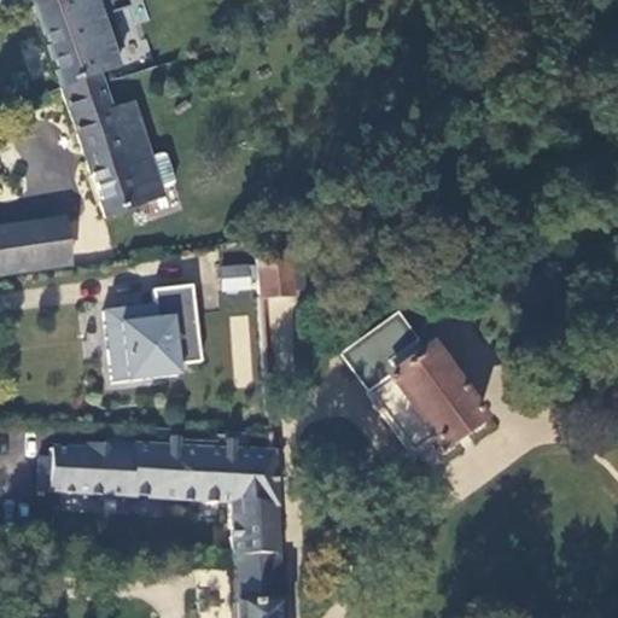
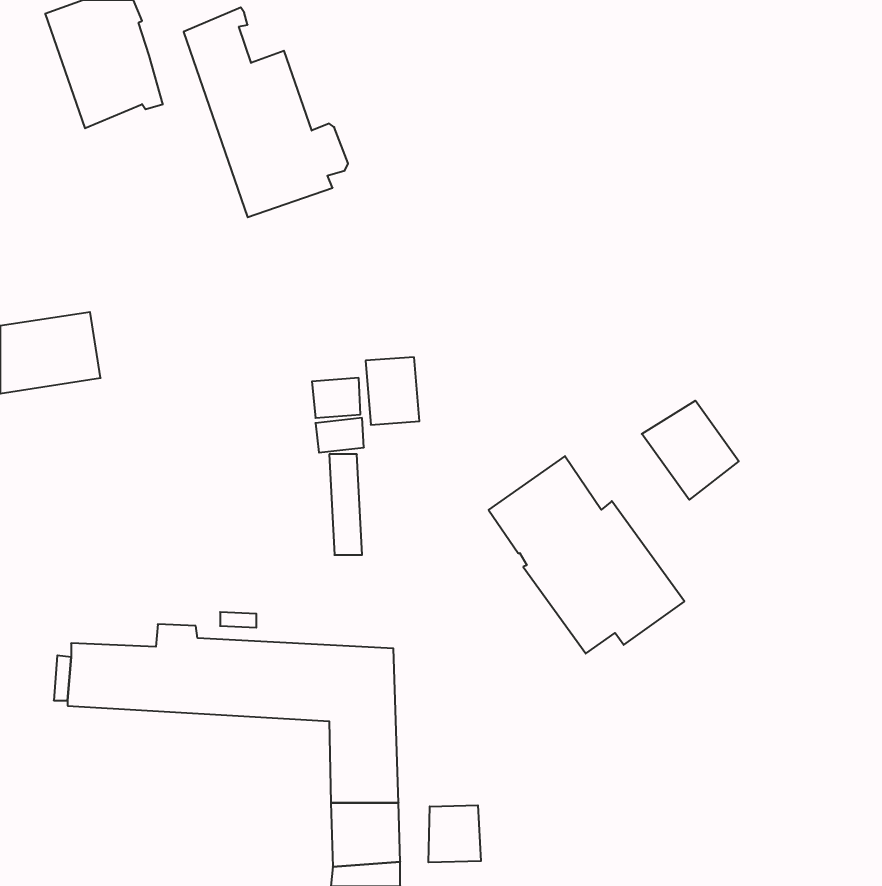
building: [62,72,176,218] -> [184,7,348,217]
building: none -> [642,401,739,500]
building: [106,284,204,381] -> none
building: none -> [428,805,481,862]

